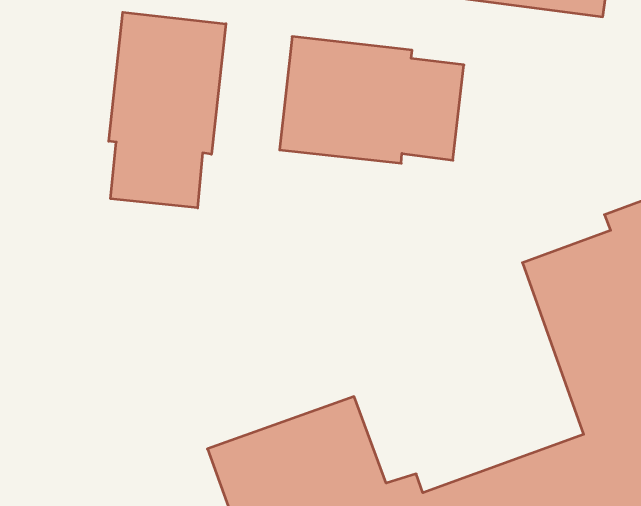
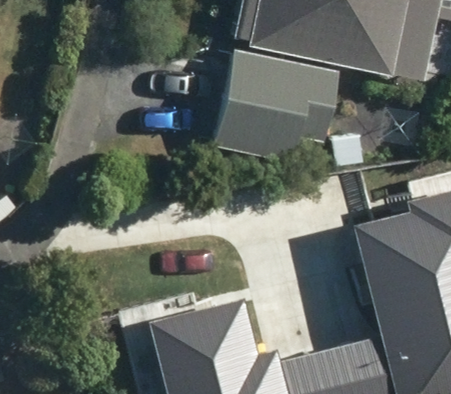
building: [109,12,226,208] -> none

